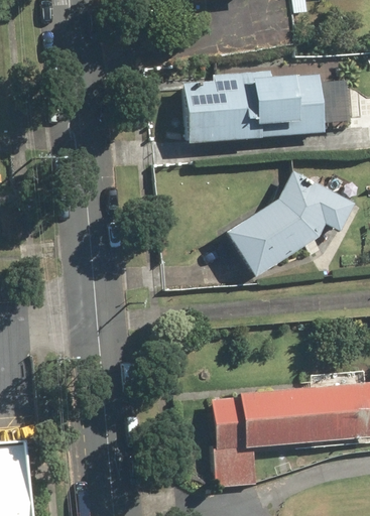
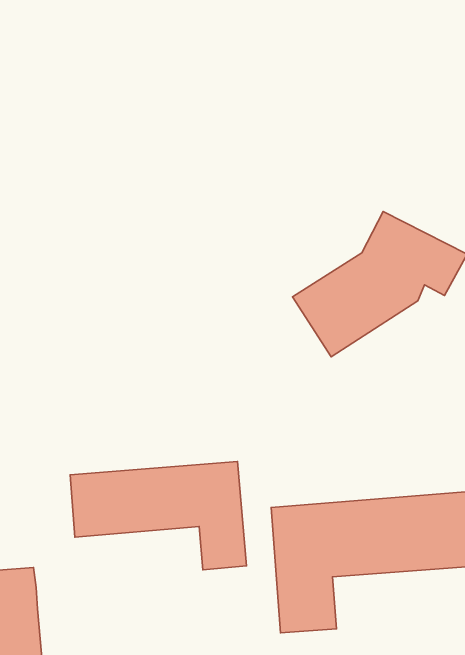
building: [180,71,304,145] -> none
building: none -> [70,461,247,570]

